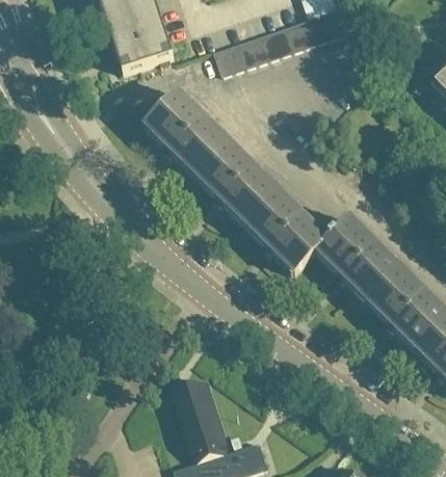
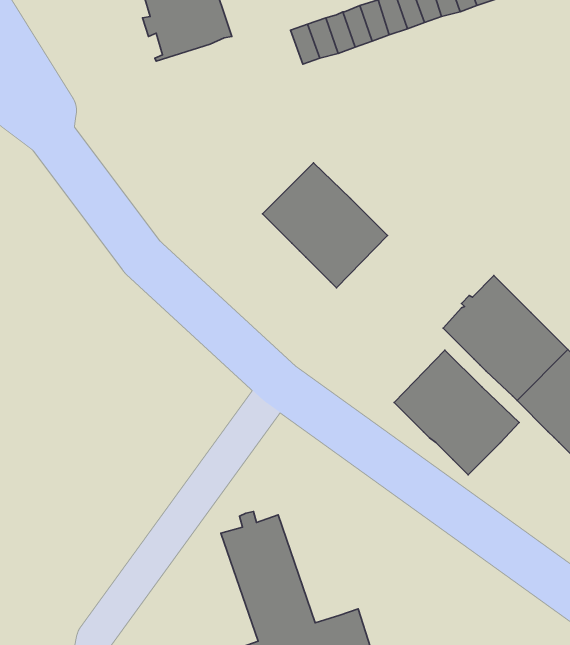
building: [146,91,231,176] -> none
building: [246,190,331,274] -> [394,350,519,475]

